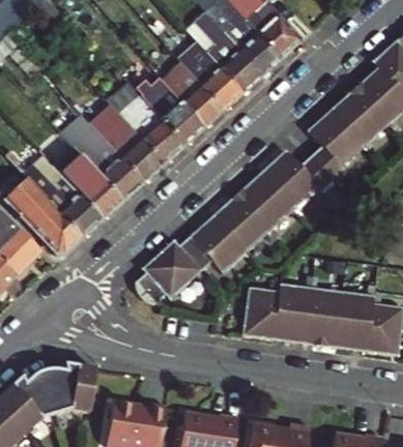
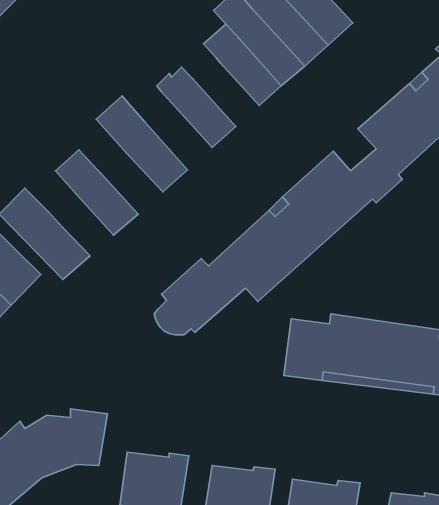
building: [168,69,224,127] -> none
building: [113,88,184,163] -> none
building: [59,113,143,201] -> none
building: [23,154,102,236] -> none

